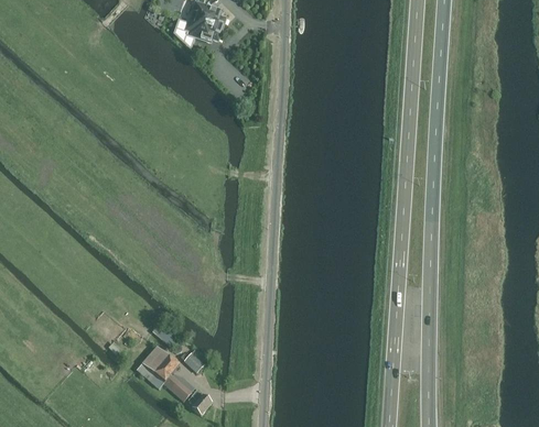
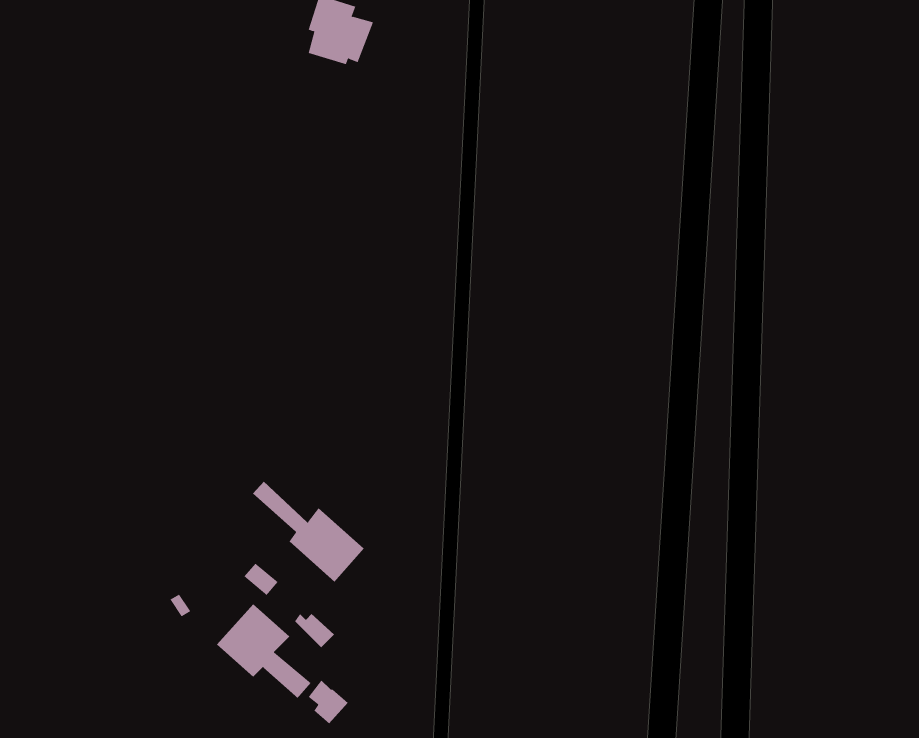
building: none -> [252,481,364,582]

